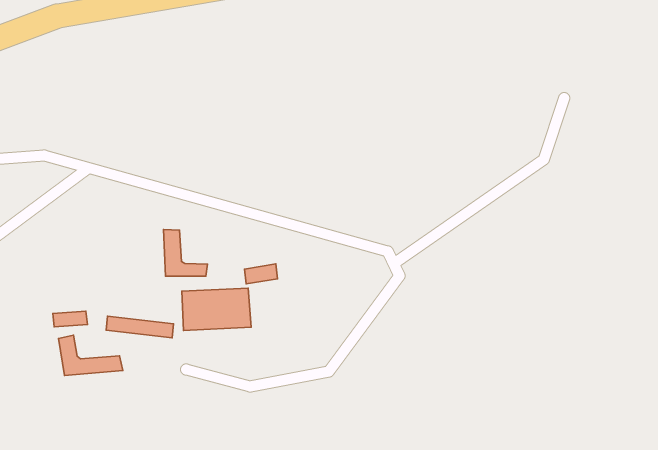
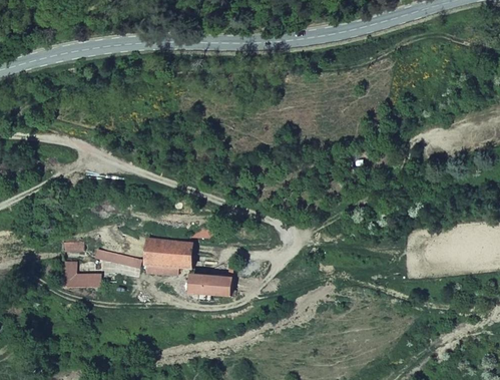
building: [163,230,207,276] -> none
building: none -> [190,275,232,296]

